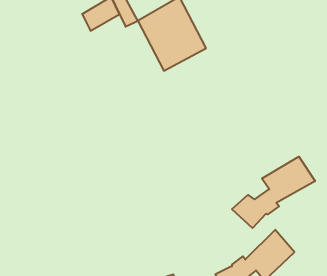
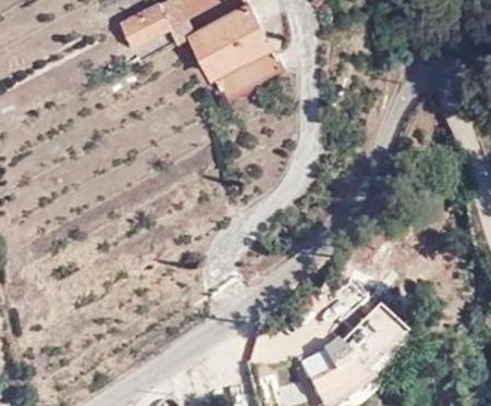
building: [232,157,315,228] -> none

